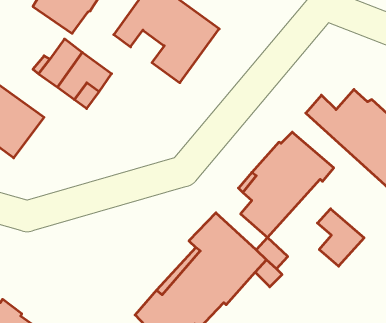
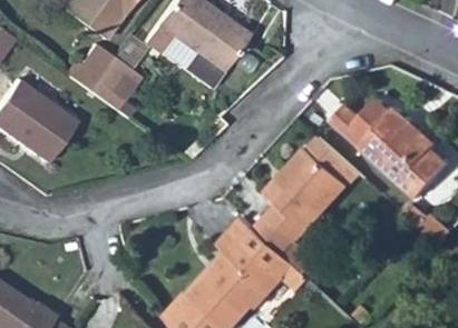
building: [317,209,364,266] -> none

